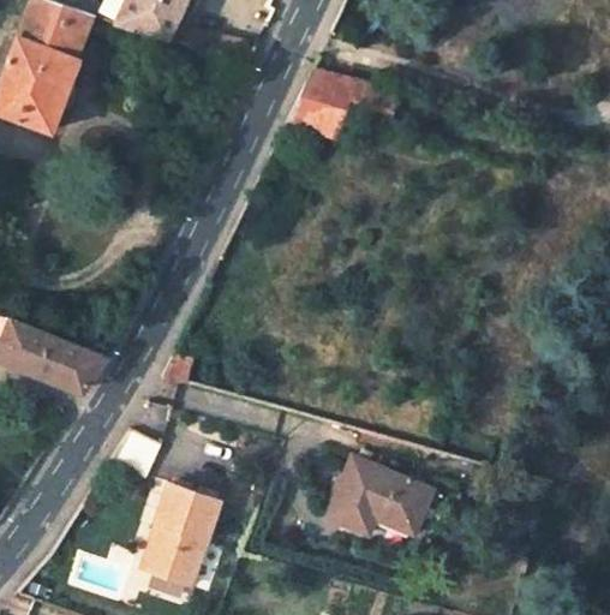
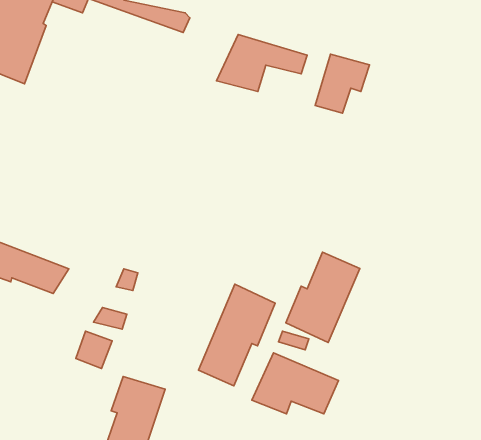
building: none -> [315,54,370,113]
building: none -> [286,252,360,342]
building: none -> [199,284,275,386]

